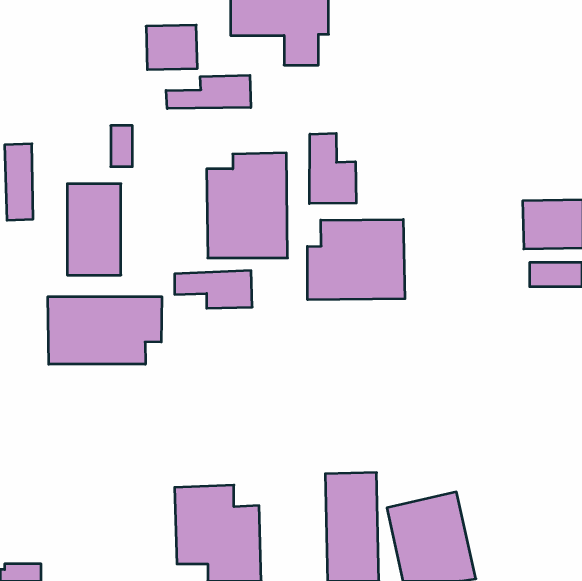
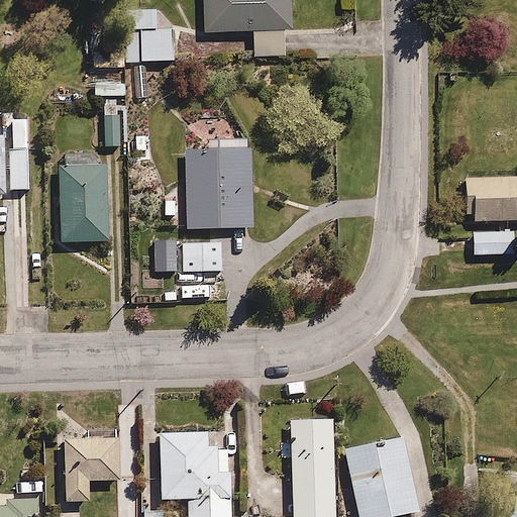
building: [166,75,251,109] -> none
building: [309,133,356,204] -> none
building: [307,219,405,300] -> none
building: [48,297,162,364] -> none
building: none -> [62,426,120,504]

